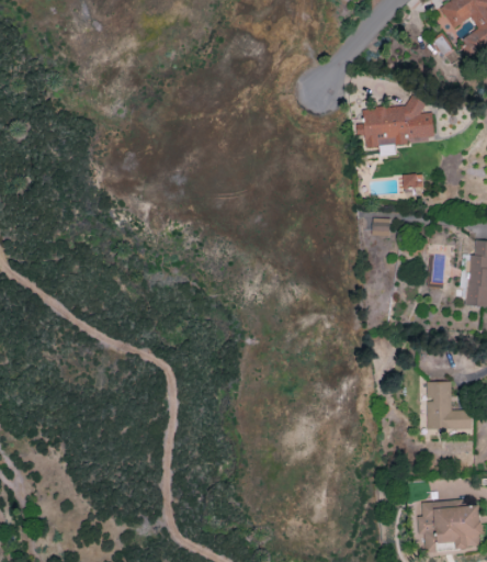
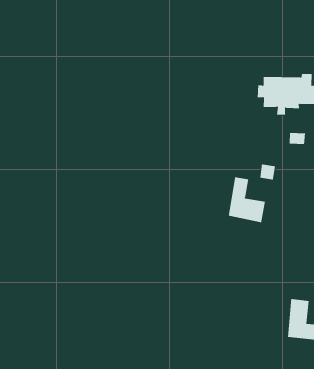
building: none -> [228,176,265,223]

